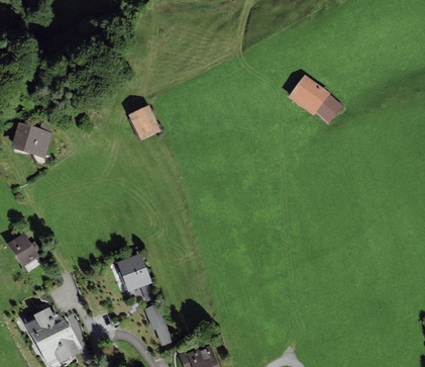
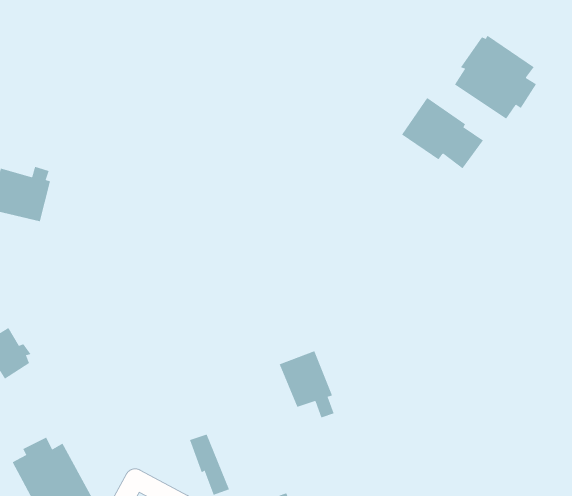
building: none -> [454,35,537,120]
building: [129,110,161,143] -> none
building: [116,252,153,297] -> [279,351,334,418]

